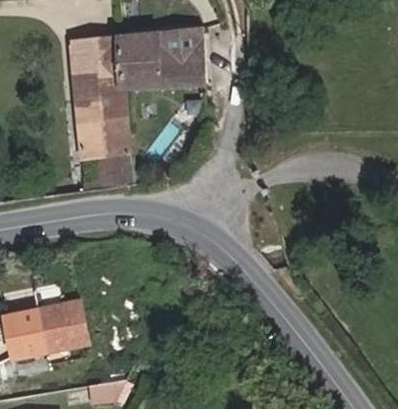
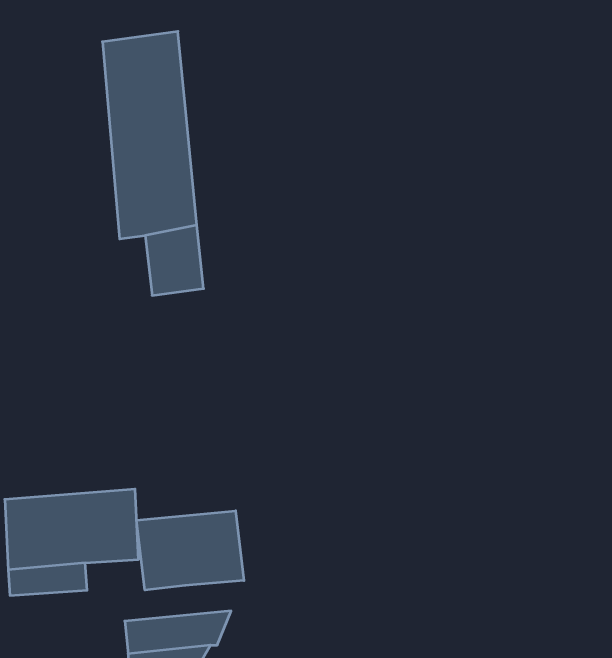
building: [112,26,199,97] -> none
building: none -> [137,511,244,590]

